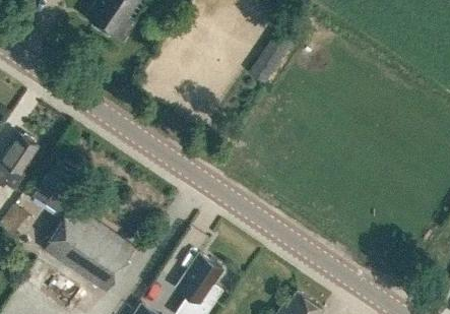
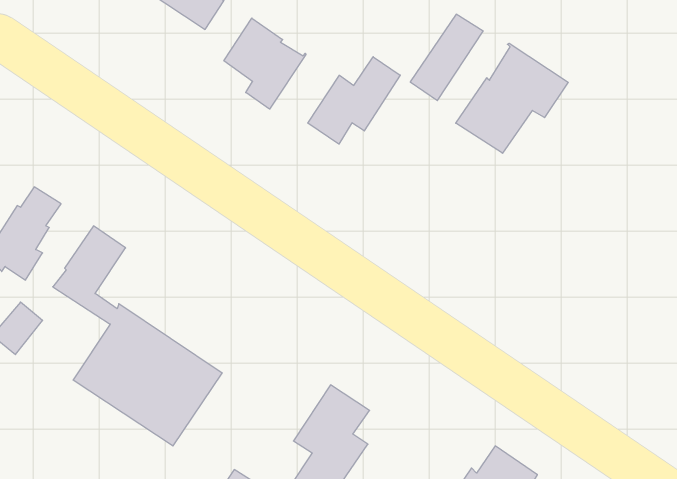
building: none -> [224,18,306,109]
building: none -> [456,43,568,153]
building: none -> [308,57,400,144]

